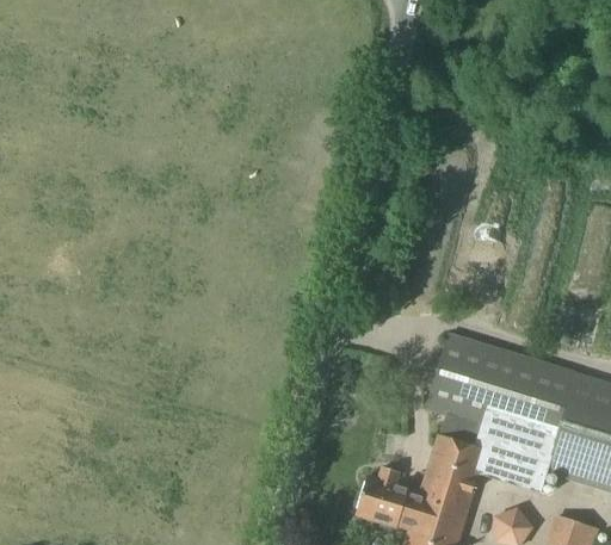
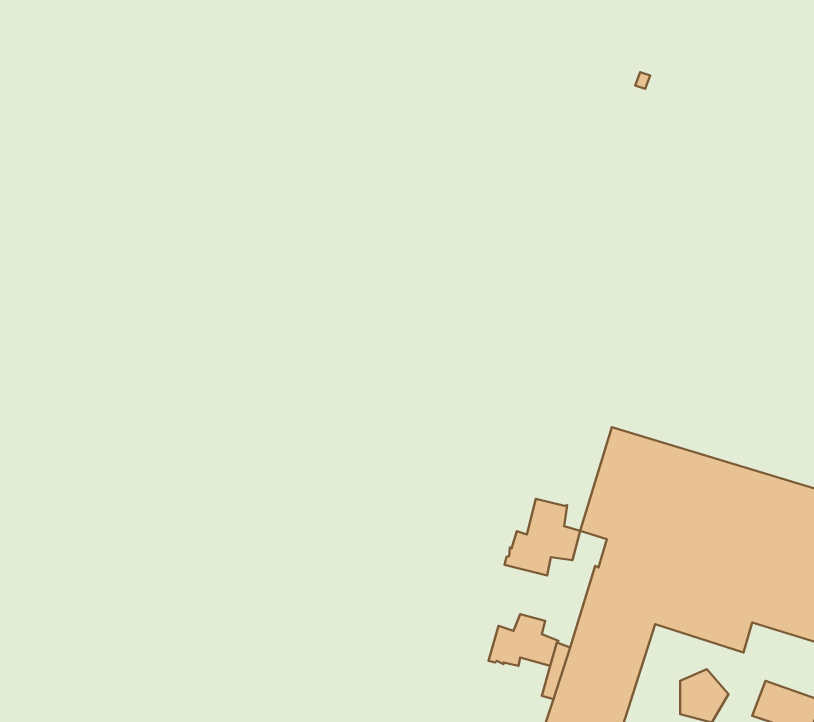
building: none -> [504,499,580,575]
building: [356,497,405,525] -> none

